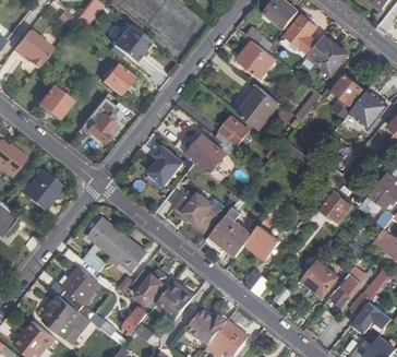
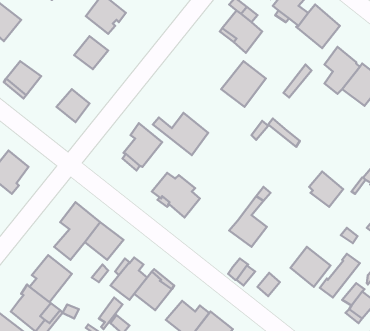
building: [215,116,249,153] -> none
building: [206,198,253,255] -> none

